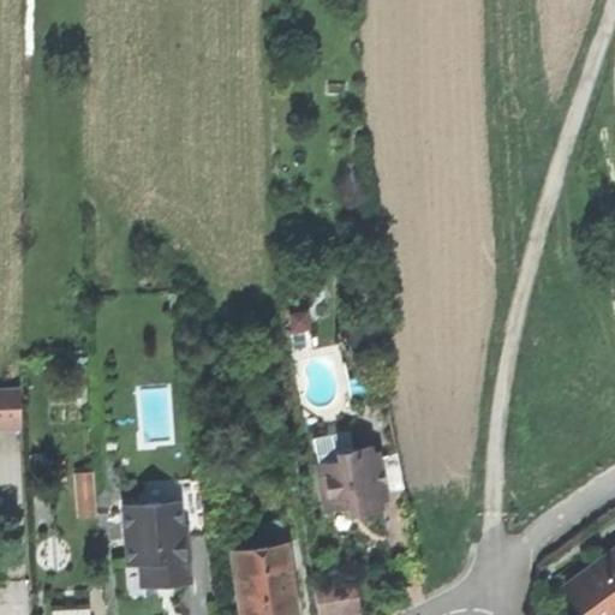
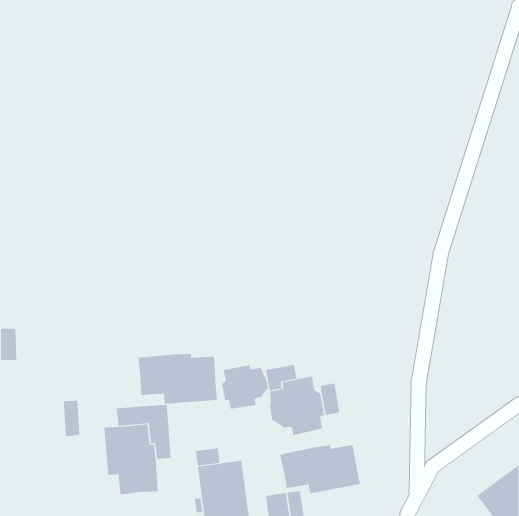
building: none -> [138,353,218,405]
building: none -> [221,364,269,410]
building: none -> [280,444,360,494]

